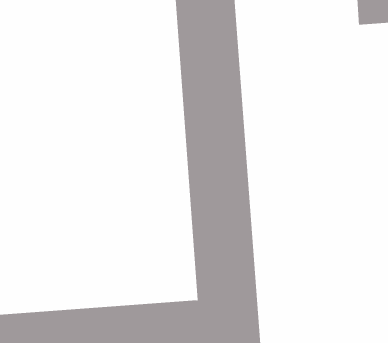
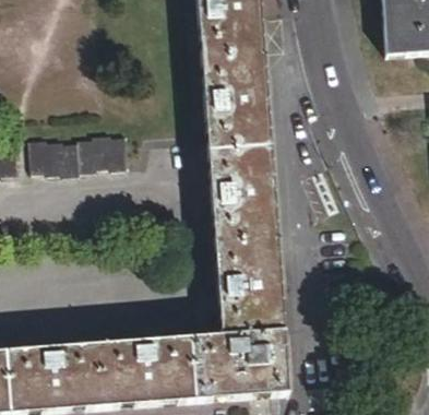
building: none -> [31,133,130,175]

